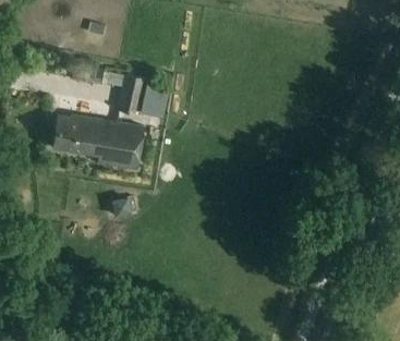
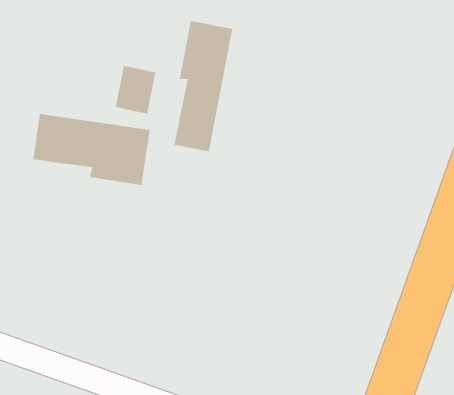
building: none -> [174,20,233,152]

